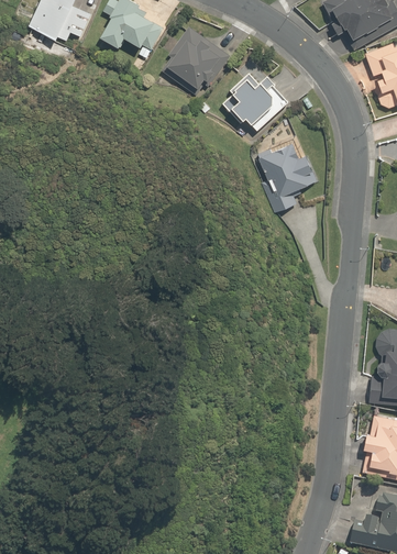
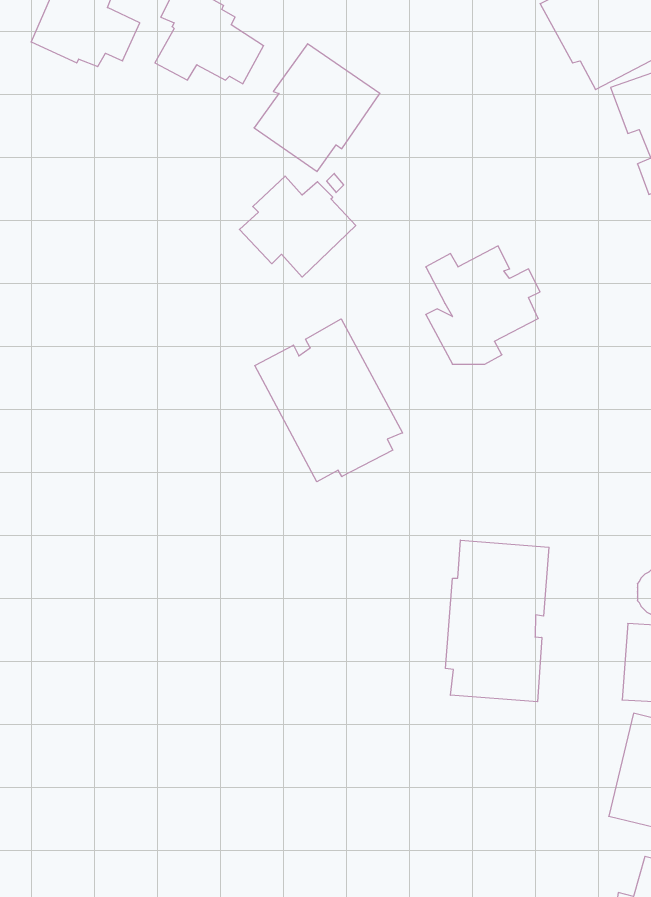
building: [219,71,286,130] -> [239,176,356,277]
building: none -> [255,319,403,482]
building: none -> [445,540,549,702]

